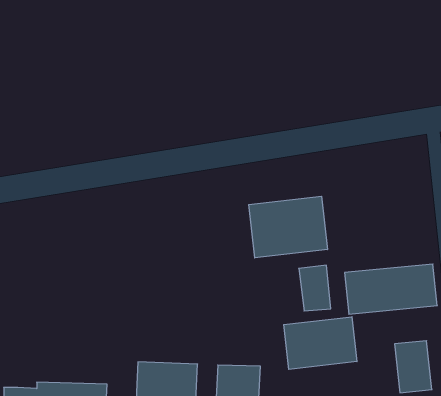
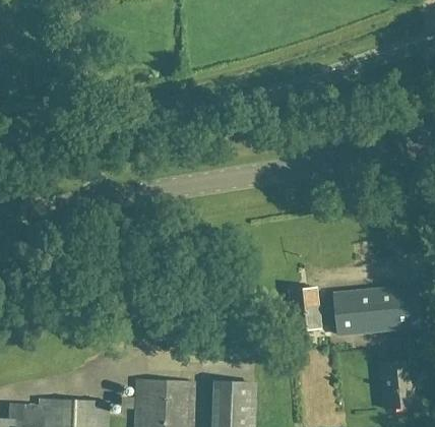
building: [249,196,327,258] -> none
building: [284,317,357,369] -> none

